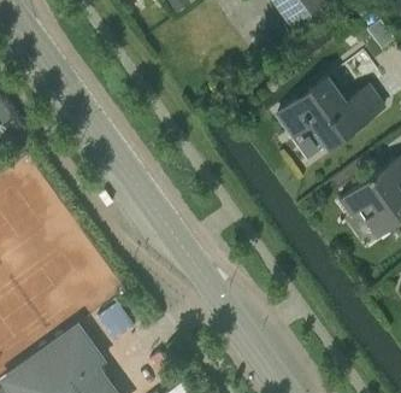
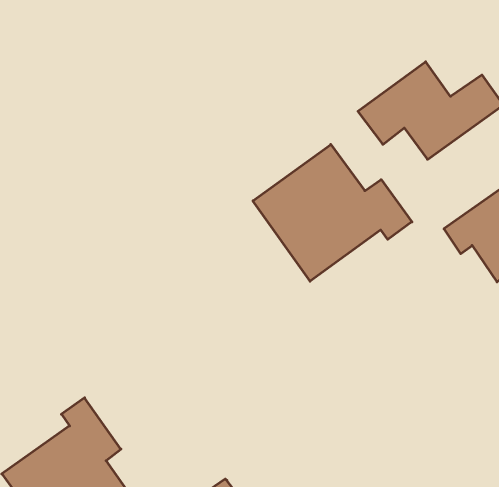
building: none -> [253,144,412,281]

